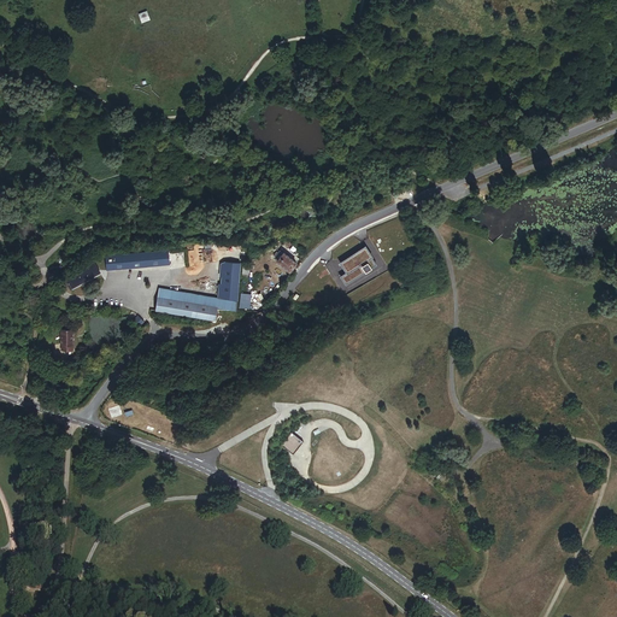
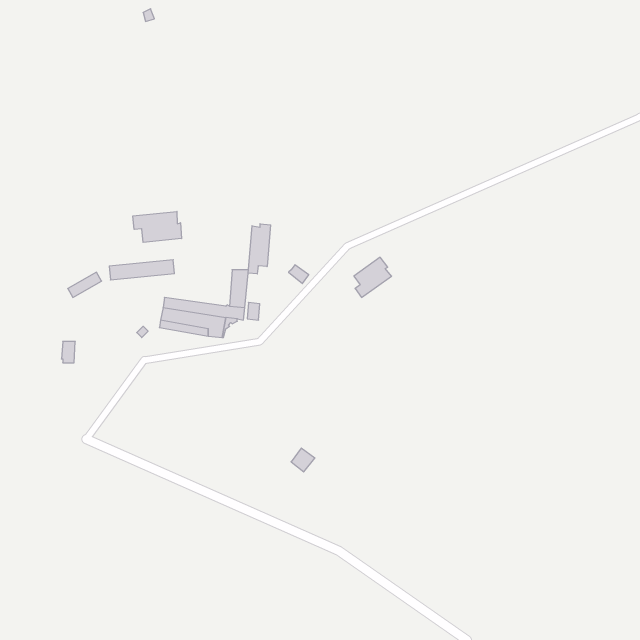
building: none -> [133,211,182,242]
building: none -> [248,224,271,274]

